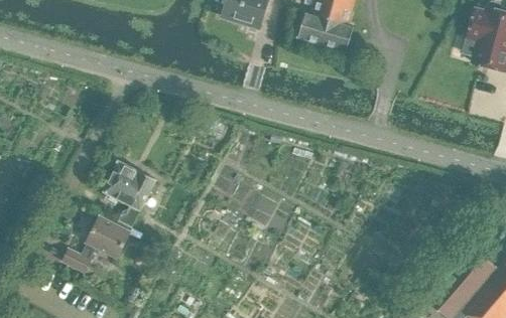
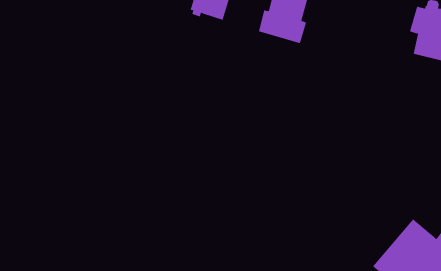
building: [104,162,156,227] -> none
building: [64,216,131,273] -> none

